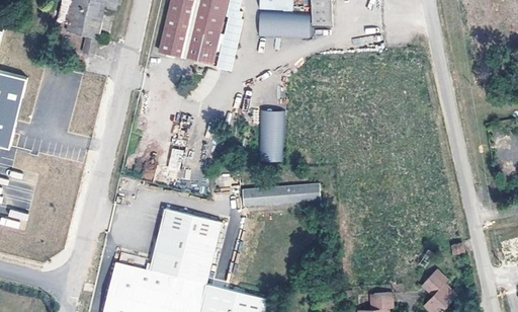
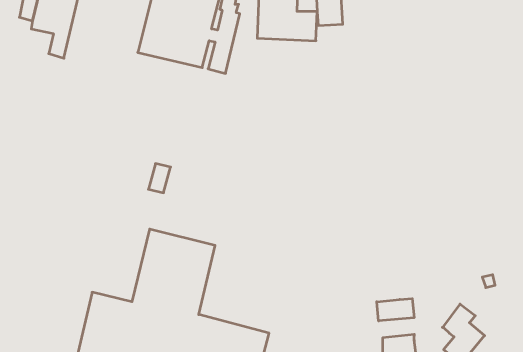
building: [258,109,285,161] -> none
building: [241,180,319,205] -> none
building: none -> [377,299,414,321]

